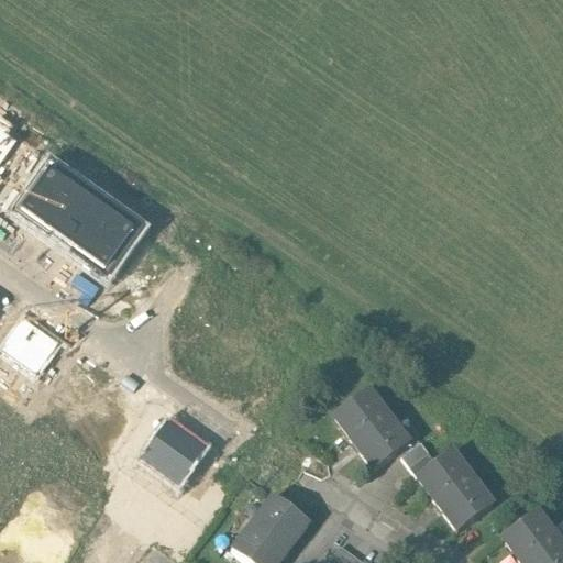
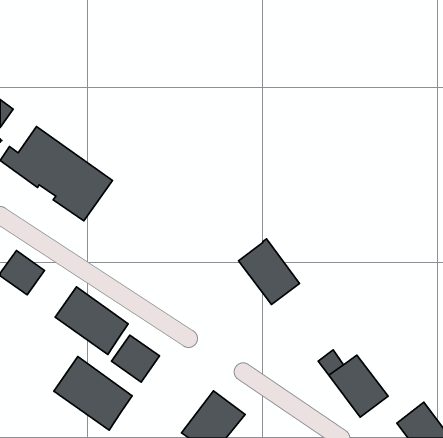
building: none -> [55,287,128,354]
building: [333,385,410,467] -> [238,239,299,304]
building: none -> [54,357,132,430]

